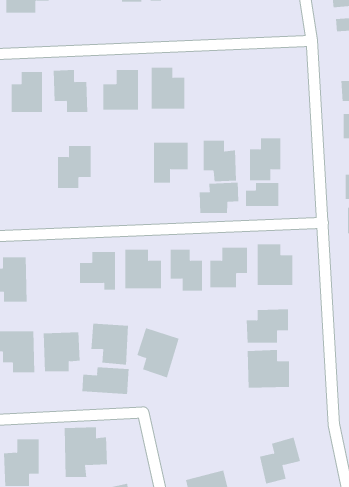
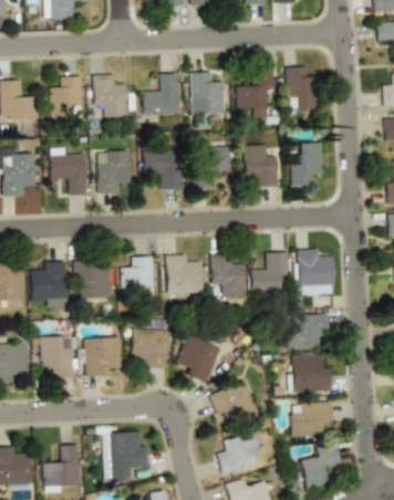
building: none -> [284,66,317,111]
building: none -> [237,69,273,117]
building: none -> [50,148,87,195]
building: none -> [143,152,180,189]
building: [199,182,239,214] -> none
building: [246,182,279,207] -> none
building: none -> [73,260,111,299]
building: [82,367,129,395] -> none
building: none -> [209,381,258,428]
building: none -> [290,402,332,437]
building: none -> [216,431,263,475]

